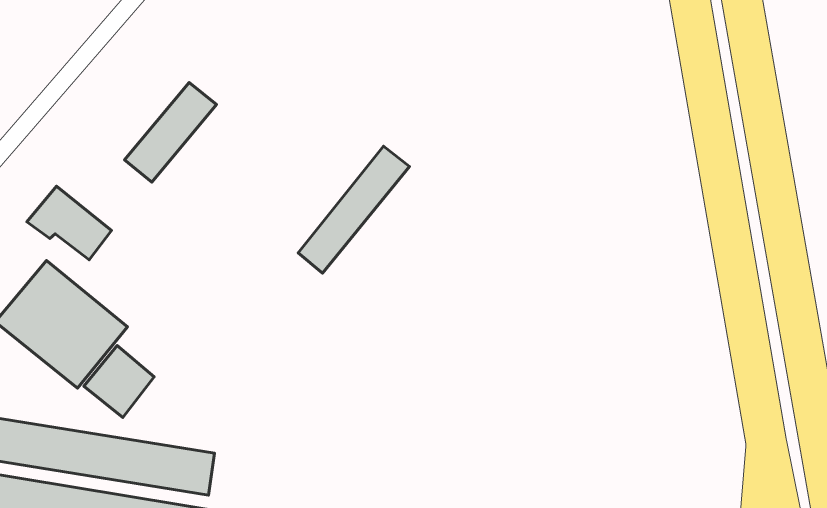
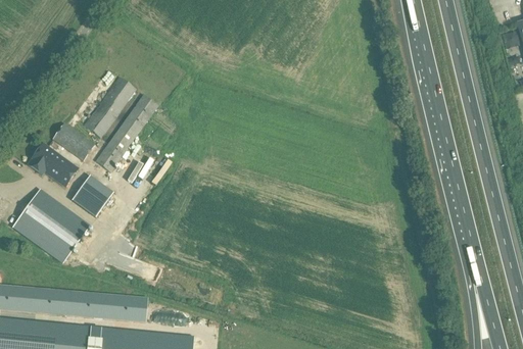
building: [298,146,409,273] -> [94,93,157,171]
building: none -> [52,123,93,160]
building: [84,346,154,417] -> [70,174,112,217]

